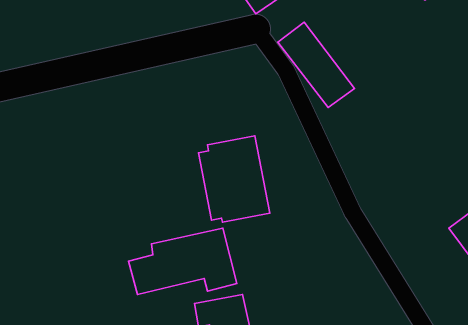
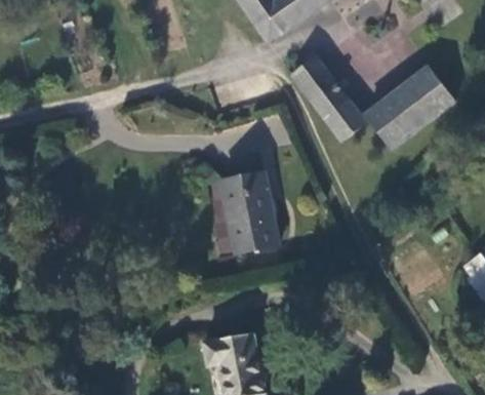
building: none -> [361,63,457,153]
building: [129,228,237,295] -> none

